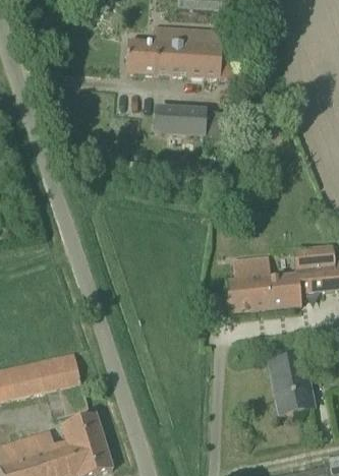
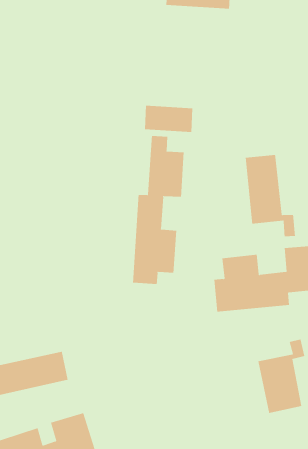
building: [125,24,243,78] -> none
building: none -> [132,135,184,285]
building: none -> [245,154,295,237]

